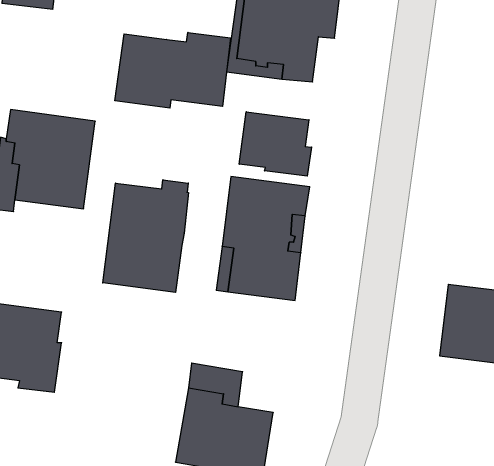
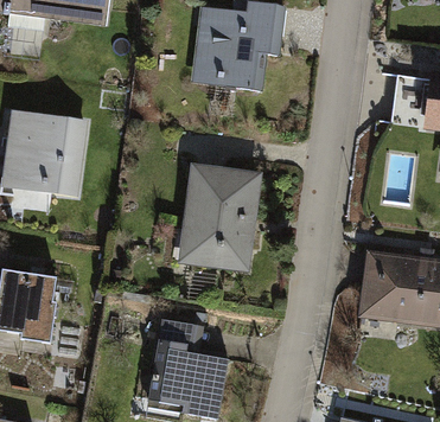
building: [115,32,230,108] -> none
building: [239,112,312,176] -> none
building: [103,180,188,292] -> none

